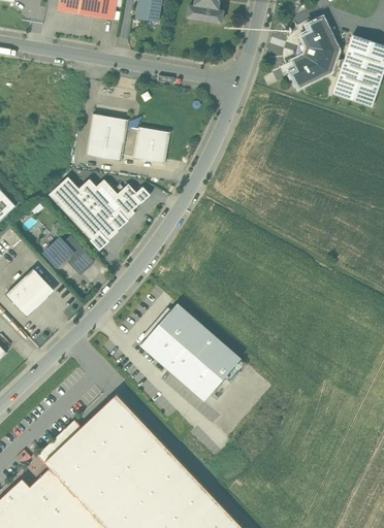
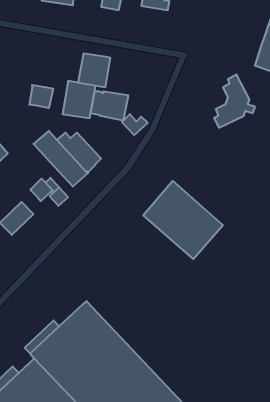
building: [291,19,344,87] -> [214,75,255,128]
building: none -> [78,53,110,87]
building: none -> [29,85,53,108]
building: [118,184,151,210] -> [122,114,148,135]
building: [139,298,242,398] -> [143,181,223,259]

